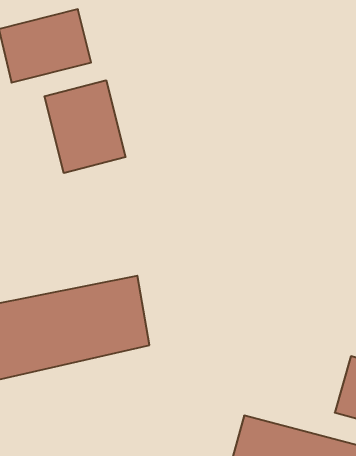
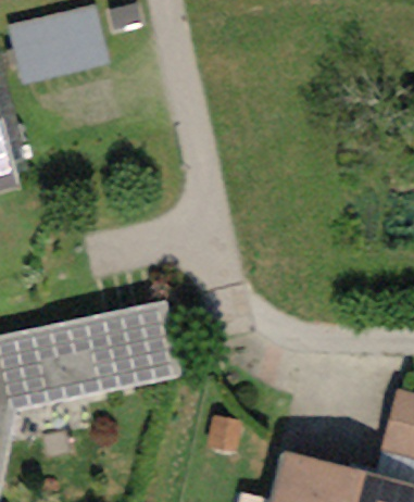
building: [44,80,126,173] -> none

